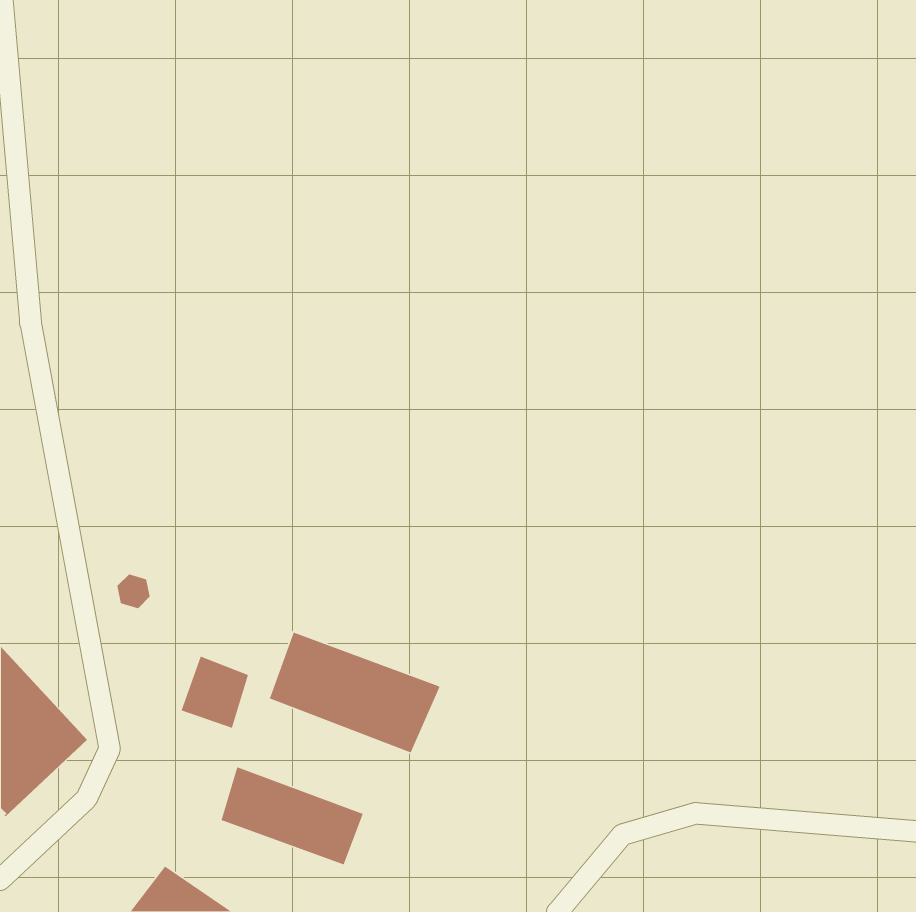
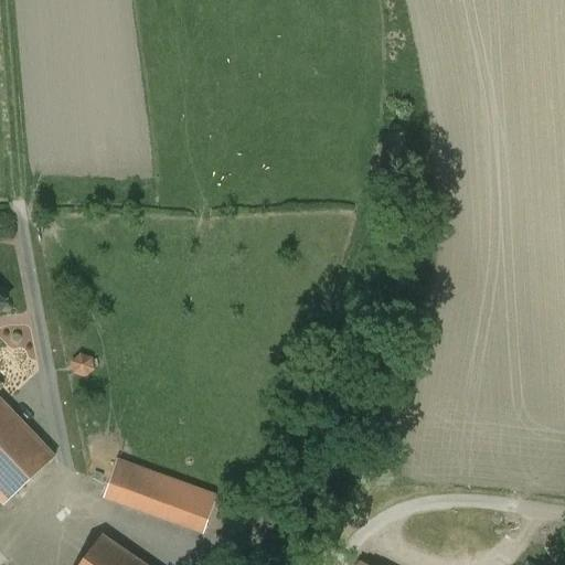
building: [269,631,440,753] -> none
building: [181,655,250,729] -> [104,460,147,505]

